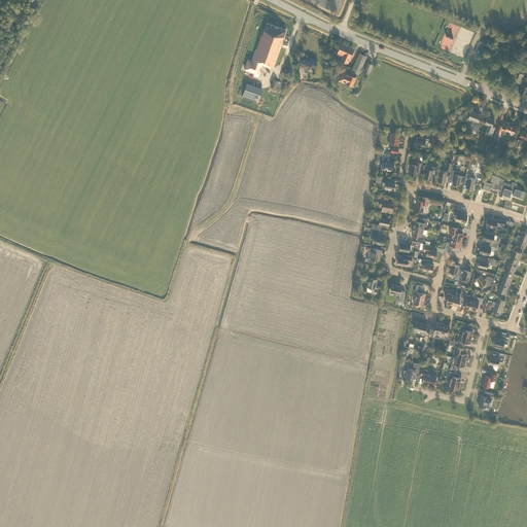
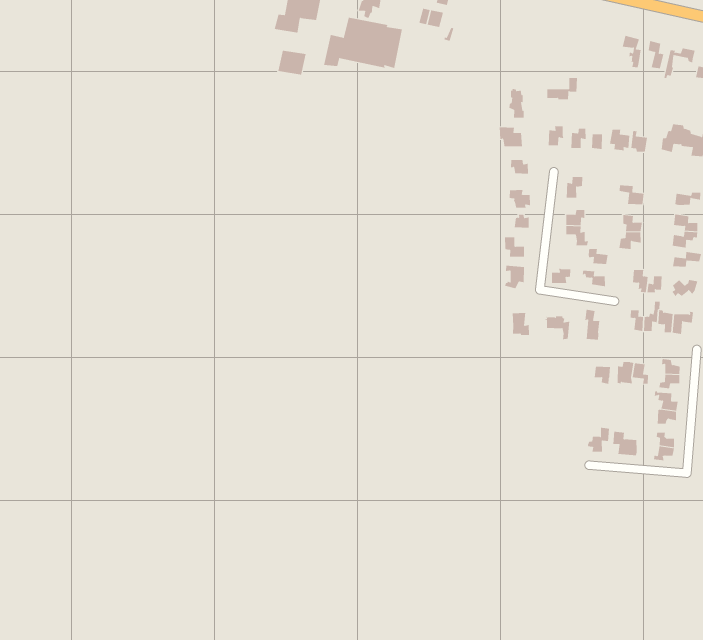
building: none -> [324,17,402,69]

